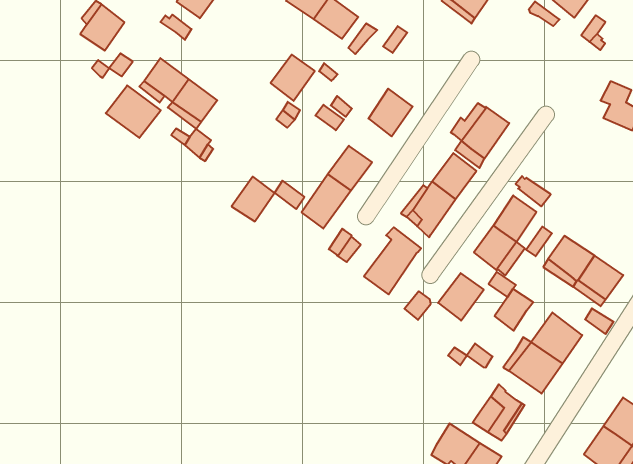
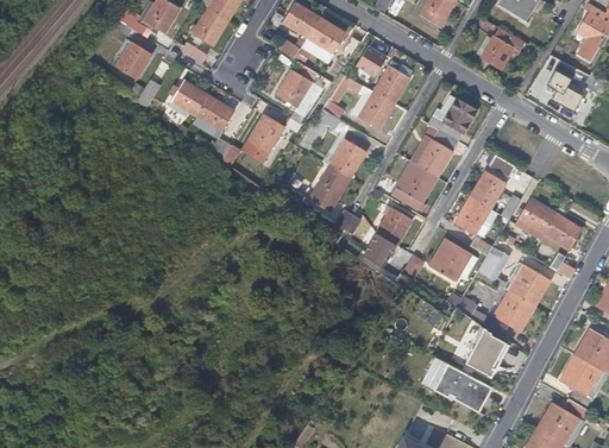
building: none -> [479,27,525,69]
building: none -> [373,65,409,103]
building: [106,85,161,138] -> none
building: [232,177,274,221] -> [247,114,282,151]

